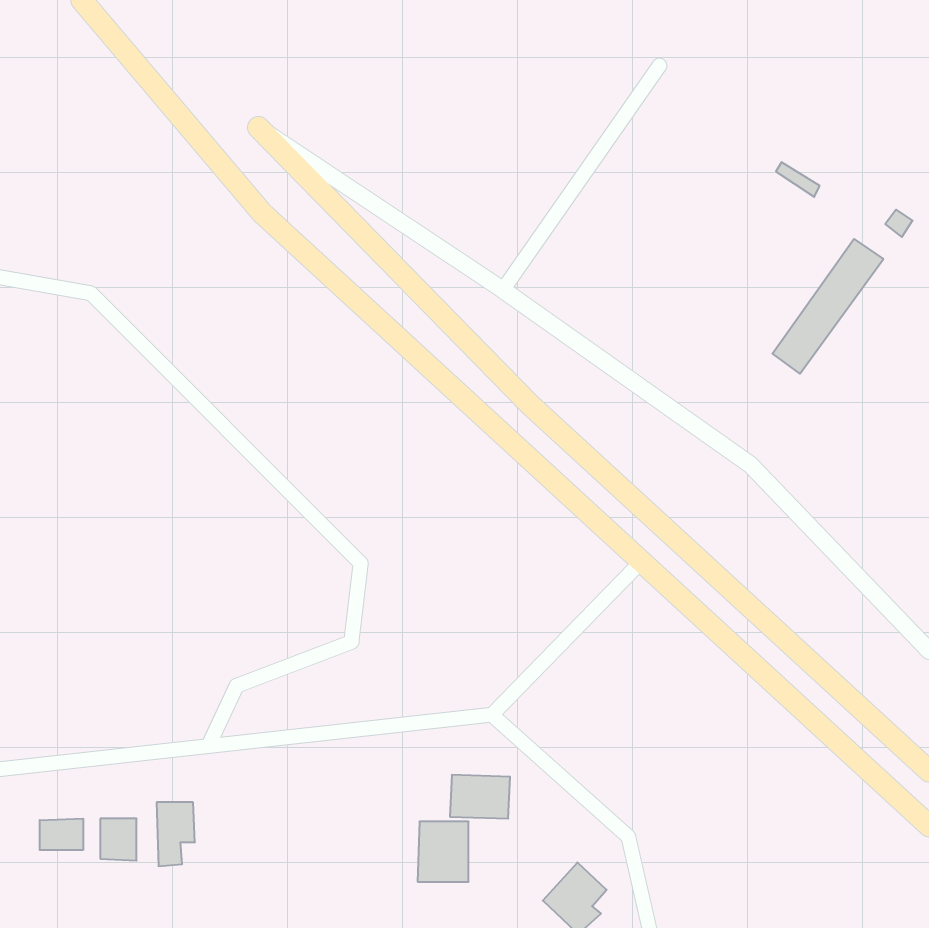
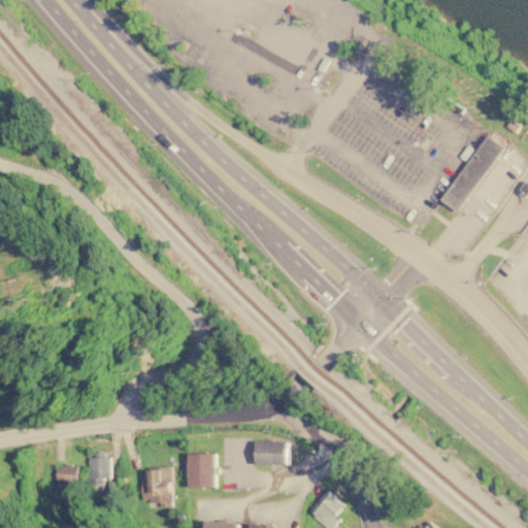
building: [40,819,83,850] -> none
building: [418,822,469,882] -> [188,454,217,488]
building: none -> [141,467,172,507]

